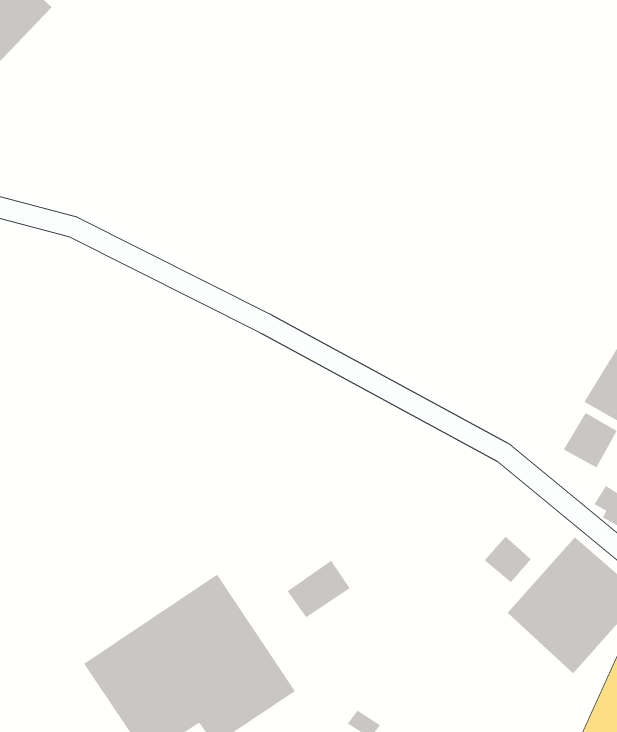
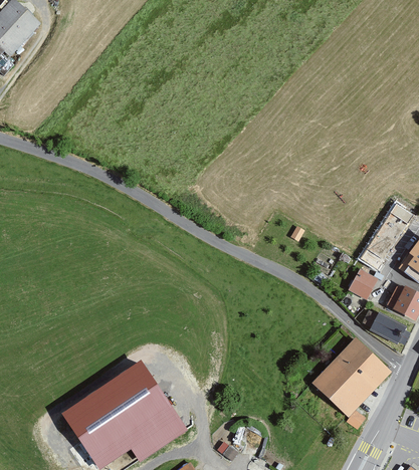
building: [484,536,531,583] -> none
building: [287,560,351,618] -> none

